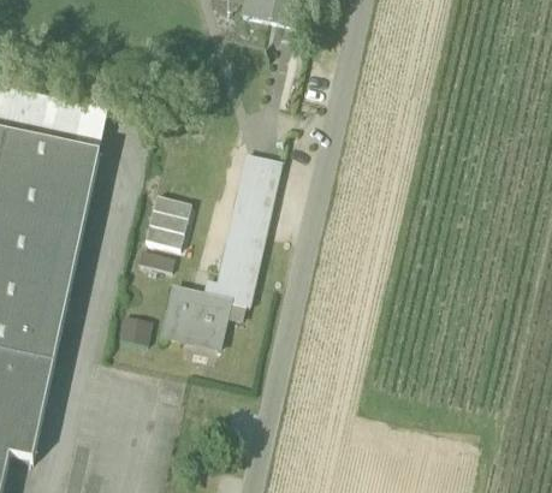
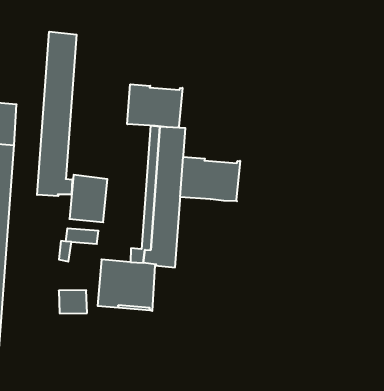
building: none -> [37,32,77,196]
building: none -> [127,84,182,128]
building: none -> [180,157,240,201]

